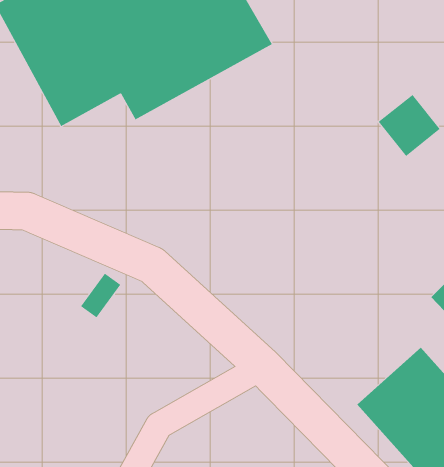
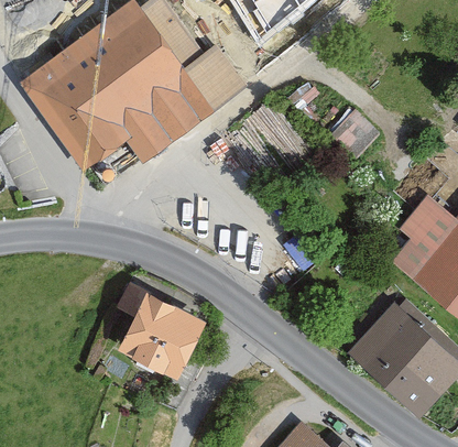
building: none -> [119,293,210,381]

